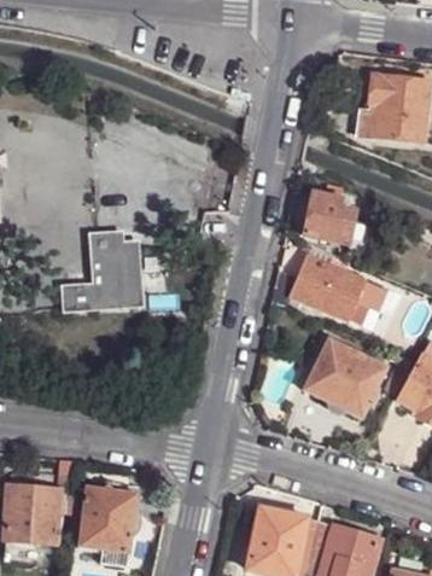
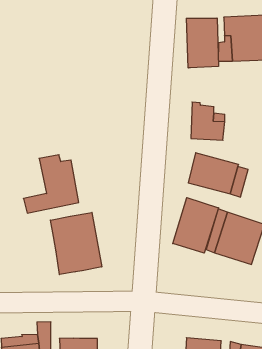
building: none -> [186,18,218,68]
building: none -> [173,198,219,253]
building: none -> [50,212,102,275]

